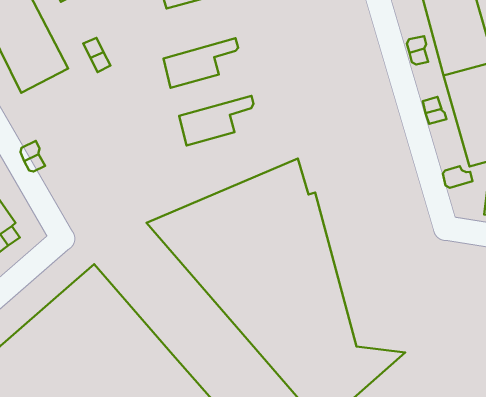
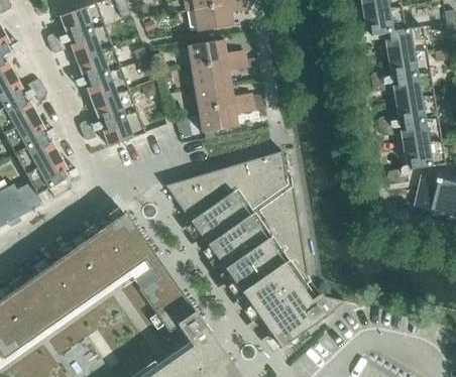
building: none -> [188,39,246,68]
building: none -> [85,68,145,146]
building: none -> [195,84,253,111]

